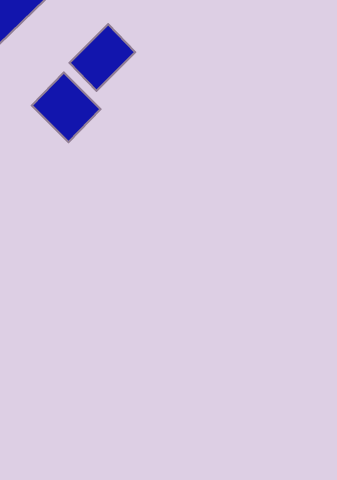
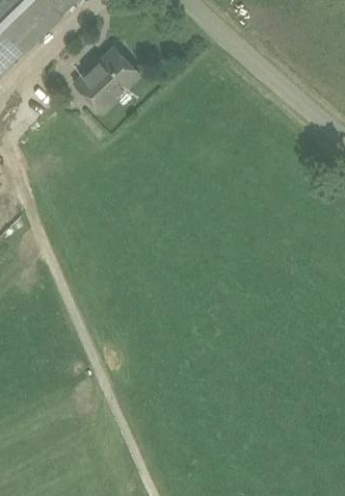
building: [32,72,101,142] -> none

